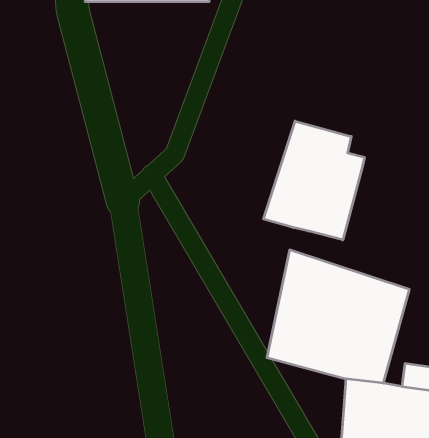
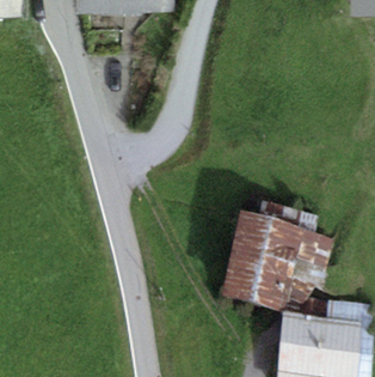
building: [264,121,364,240] -> none

